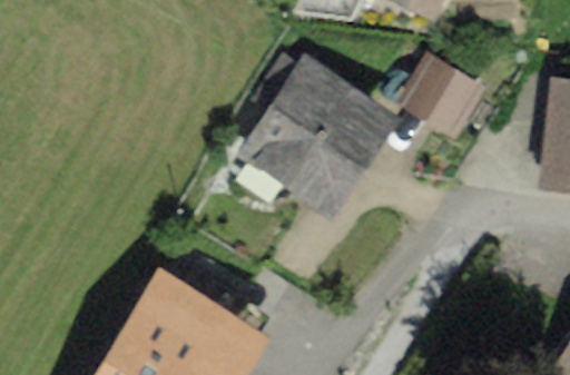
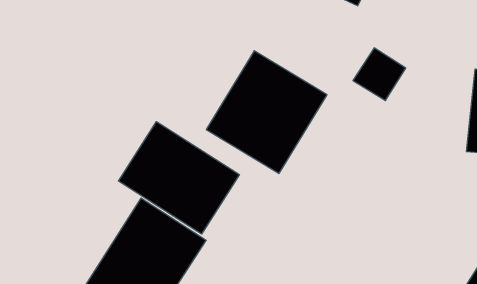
building: none -> [118,122,239,234]

